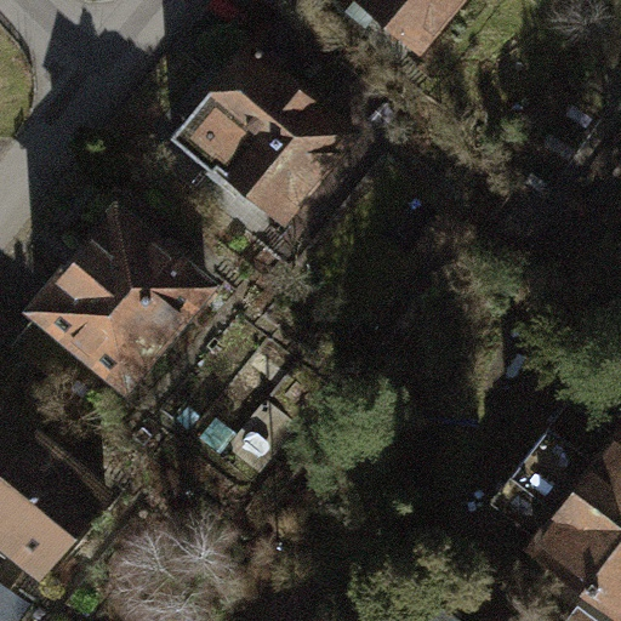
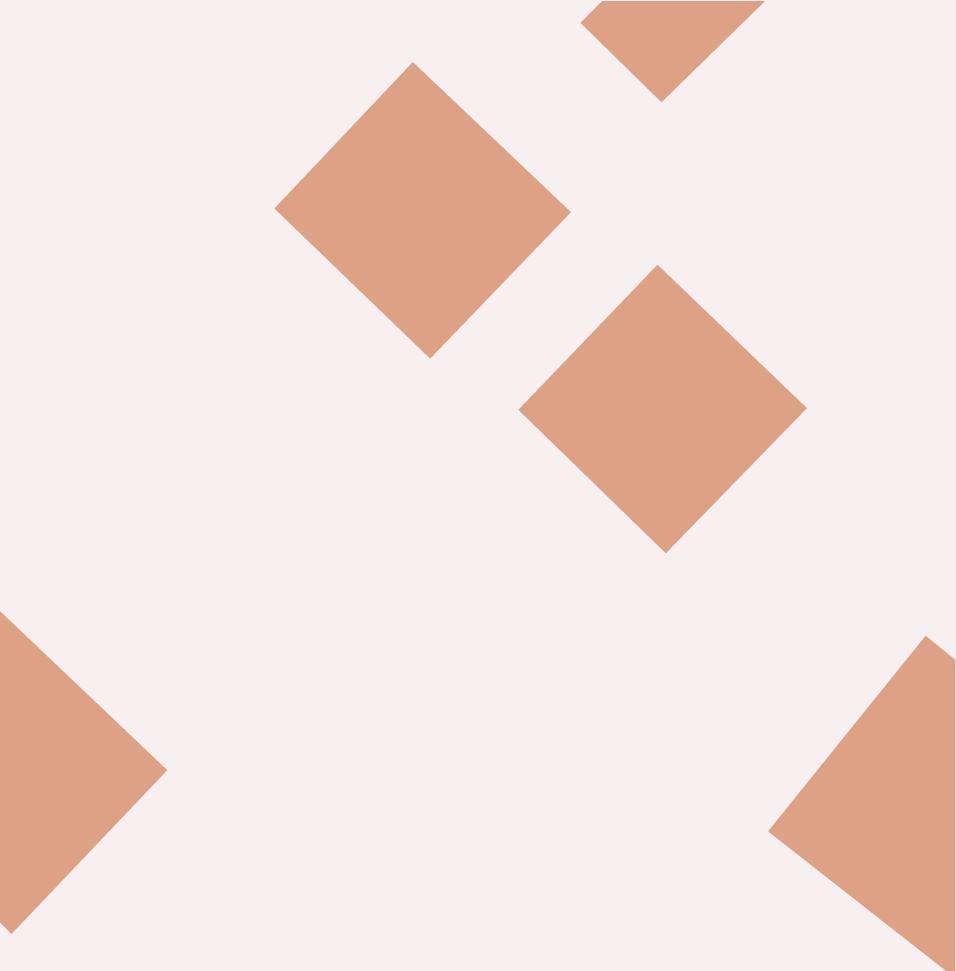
building: none -> [517,264,808,554]
building: [16,201,218,404] -> none

